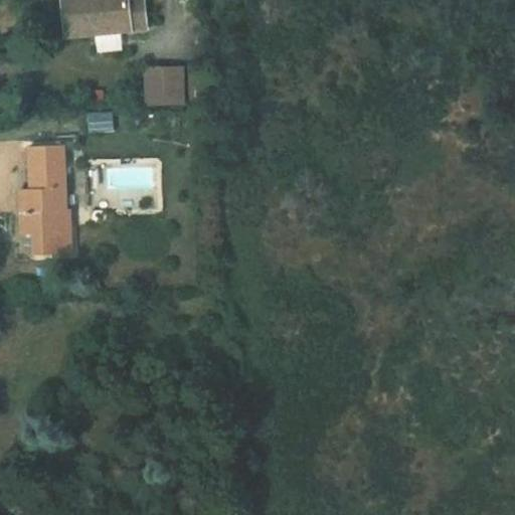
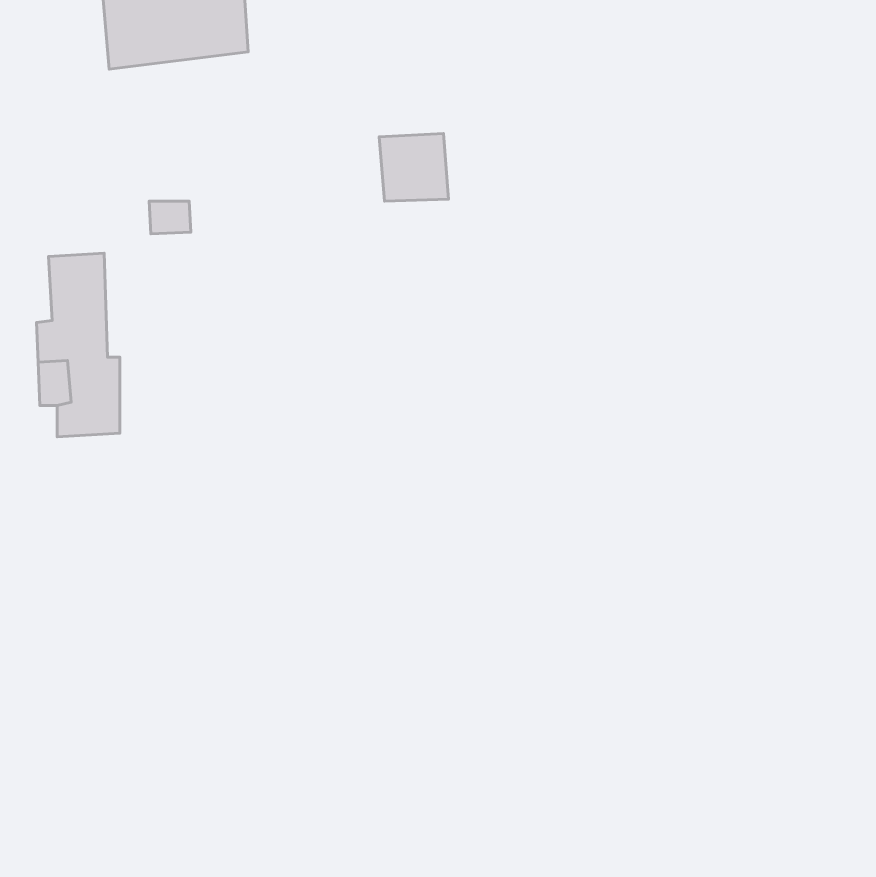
building: [147,63,187,103] -> [379,133,449,201]

